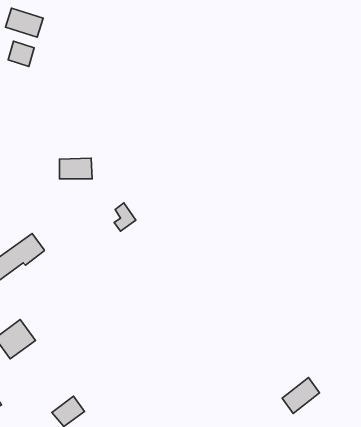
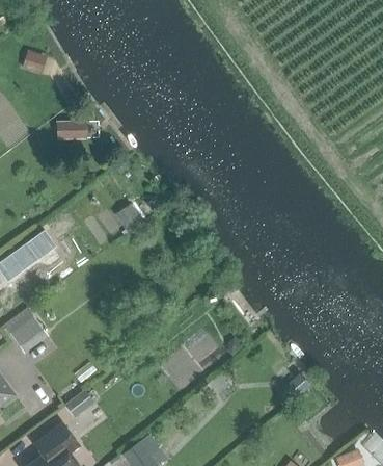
building: [6,8,43,37] -> none
building: [59,158,92,179] -> [57,120,88,139]

